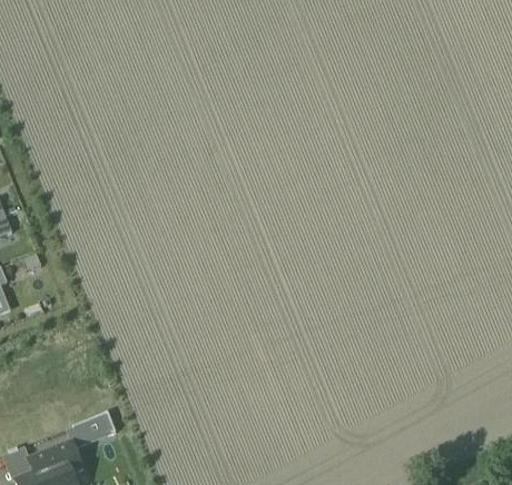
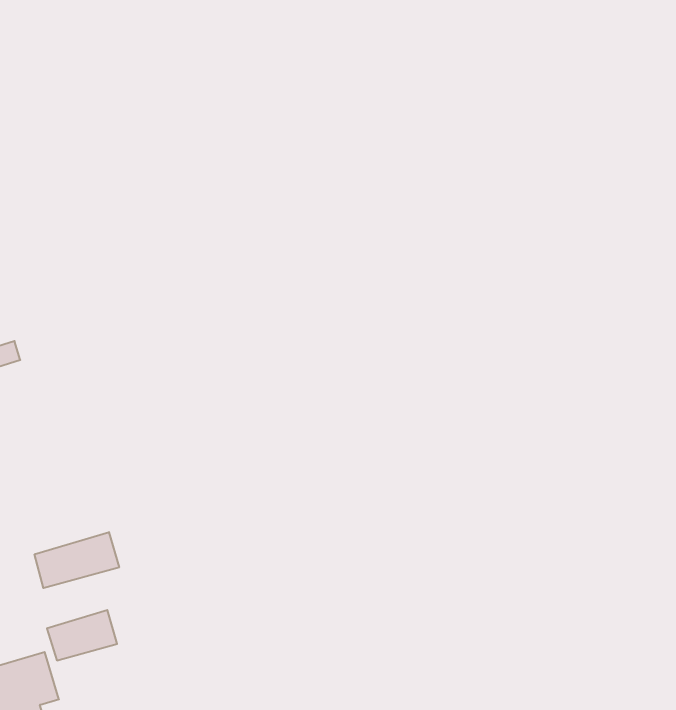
building: none -> [35,532,119,588]

